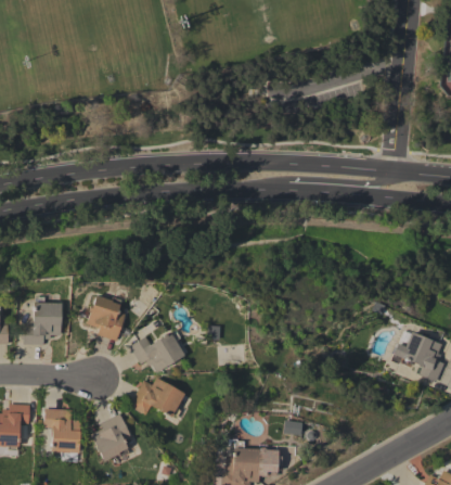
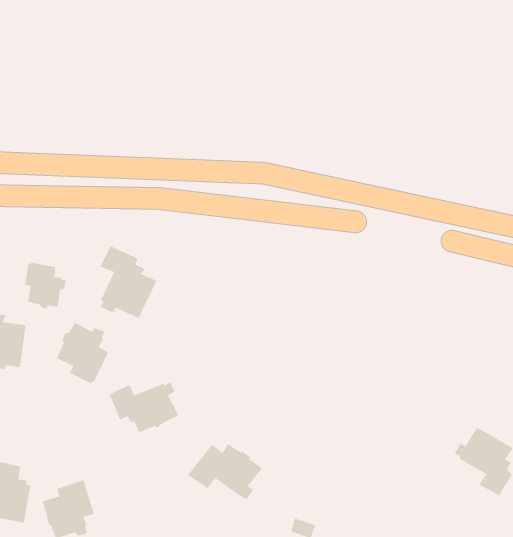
building: none -> [100,245,157,319]
building: none -> [24,262,67,309]
building: [129,378,185,419] -> [187,443,263,500]

